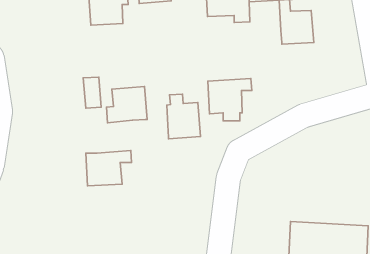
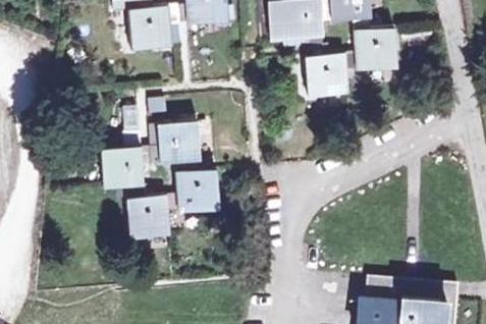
building: [208,78,252,121] -> [306,54,358,104]
building: [167,94,201,139] -> [178,159,218,212]
building: none -> [99,147,141,199]

